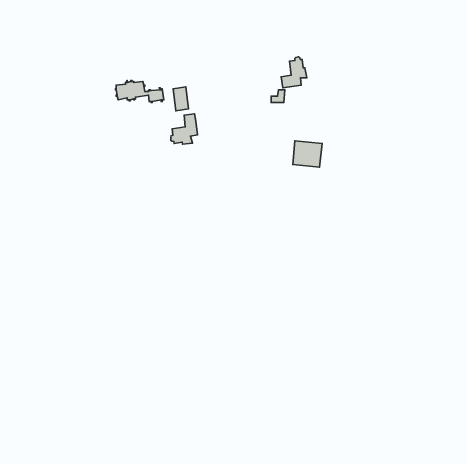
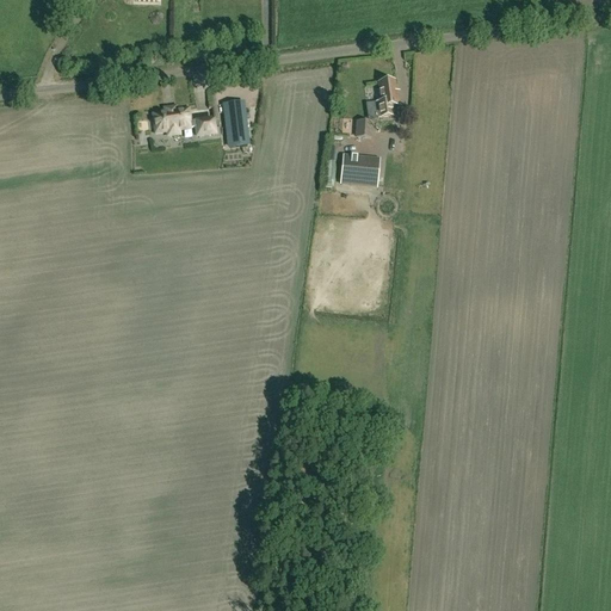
building: [171,114,198,144] -> none
building: [293,141,322,167] -> [340,152,378,186]

